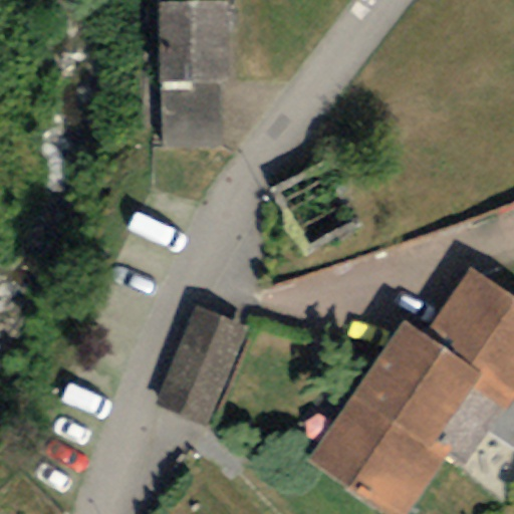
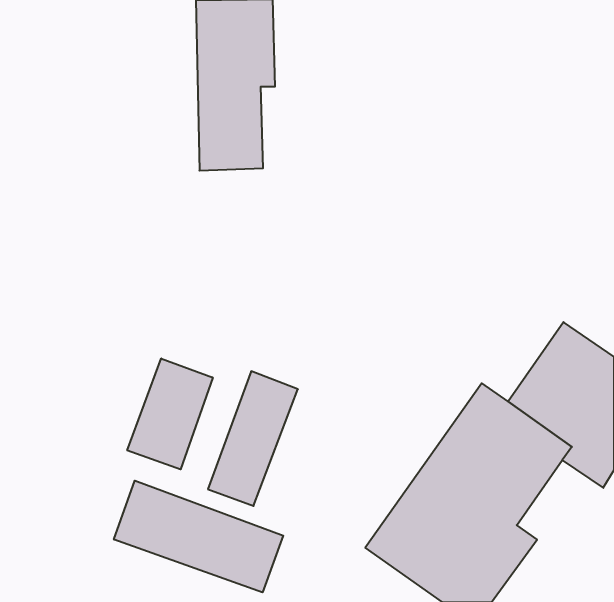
building: none -> [127,358,213,469]
building: none -> [114,481,283,592]

